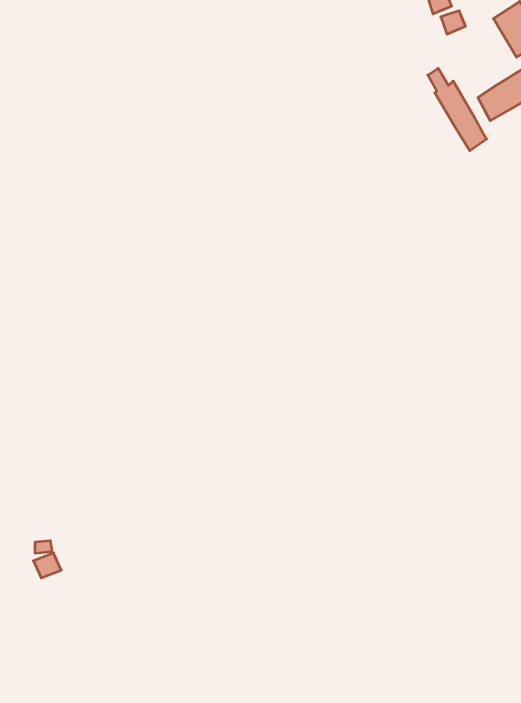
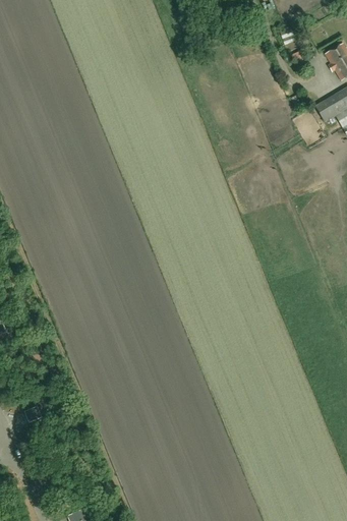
building: [428,68,487,151] -> none

